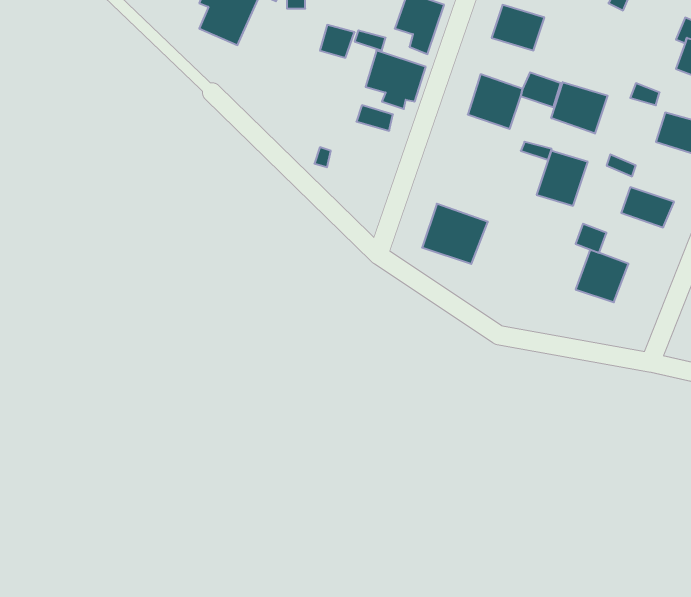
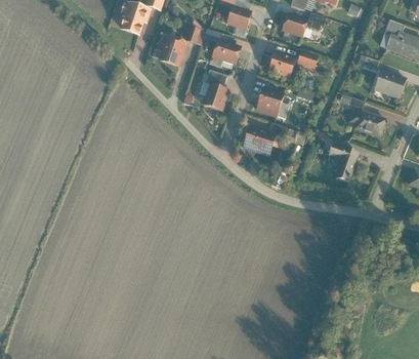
building: none -> [151,35,187,68]
building: [551,82,608,134] -> none
building: none -> [203,84,229,113]
building: [537,151,588,206] -> [256,87,285,118]

